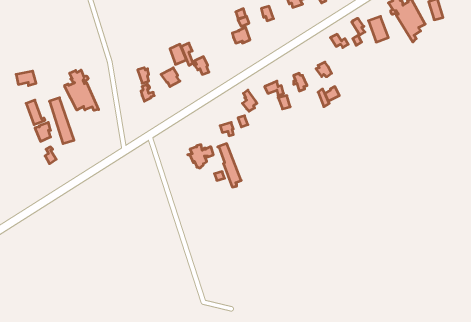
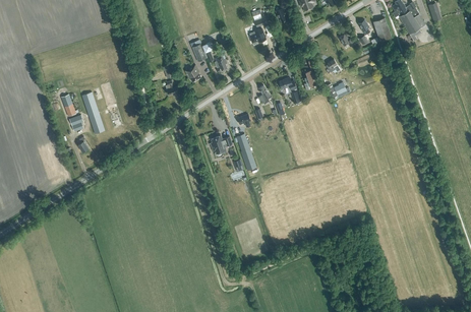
building: [65,70,99,110] -> none

